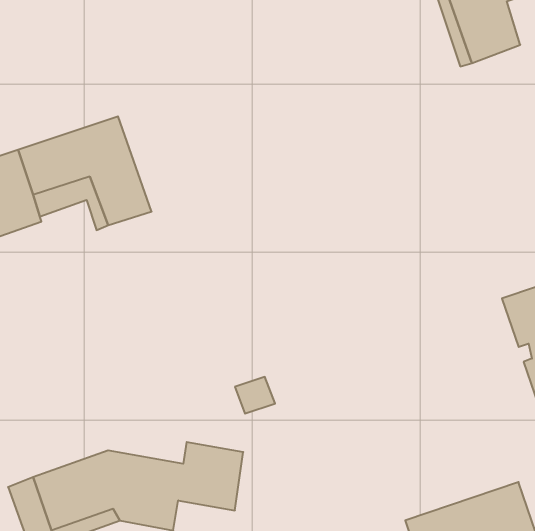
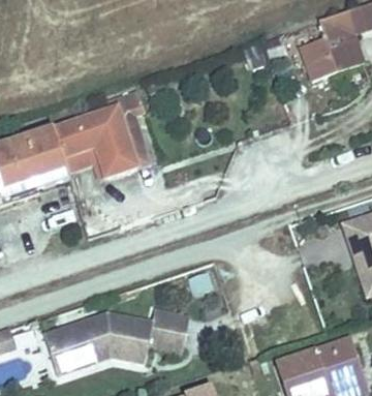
building: none -> [111,92,146,165]

